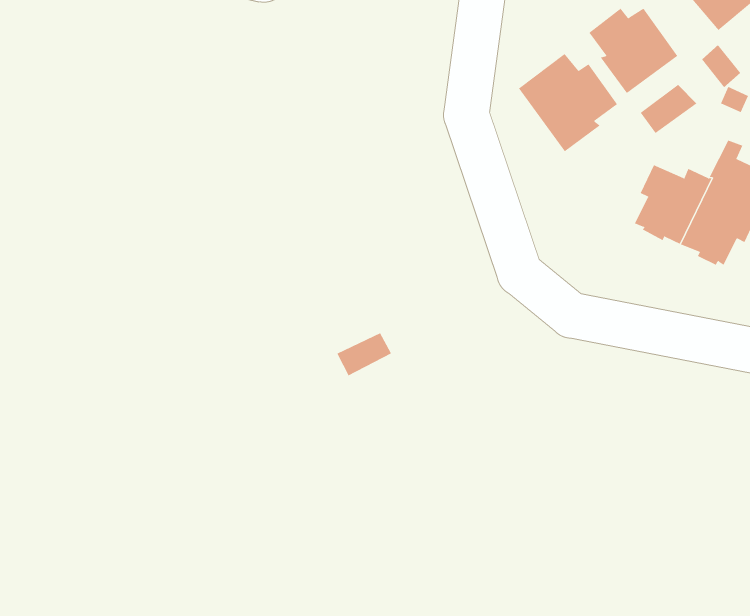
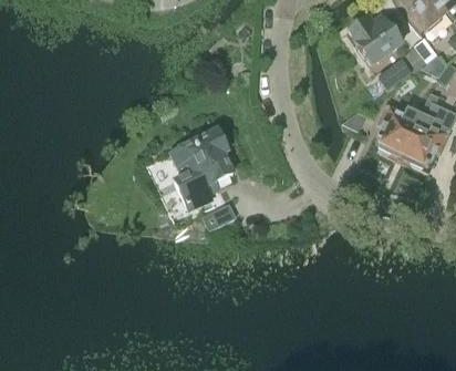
building: [518,53,618,152] -> none
building: none -> [169,131,231,208]

